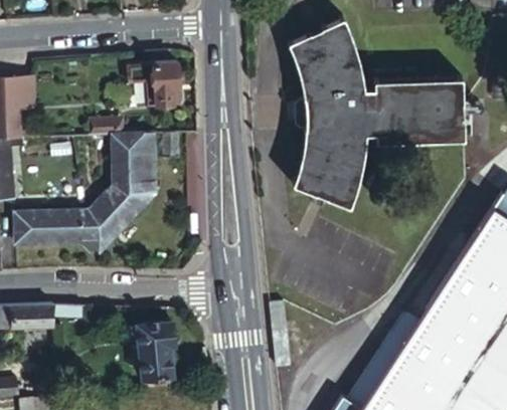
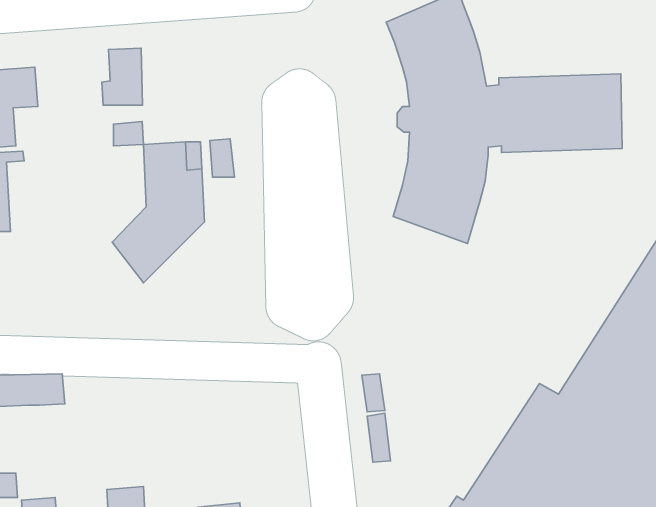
building: [145,61,175,104] -> [102,48,143,105]
building: [13,208,111,251] -> none
building: [133,319,173,373] -> none

